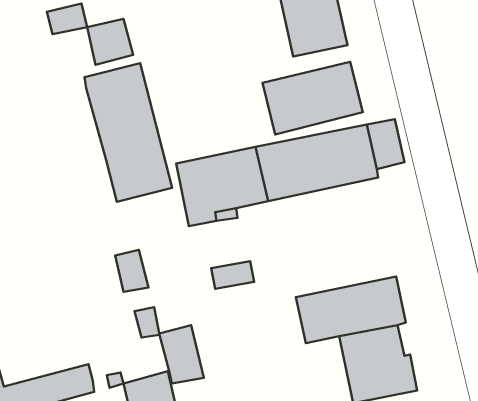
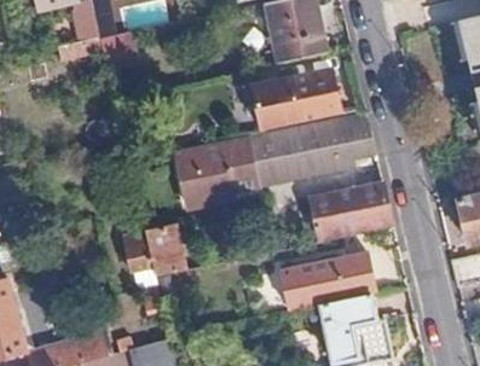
building: [85,63,172,202] -> none
building: none -> [310,182,392,240]
building: [159,325,204,384] -> [144,223,183,274]

